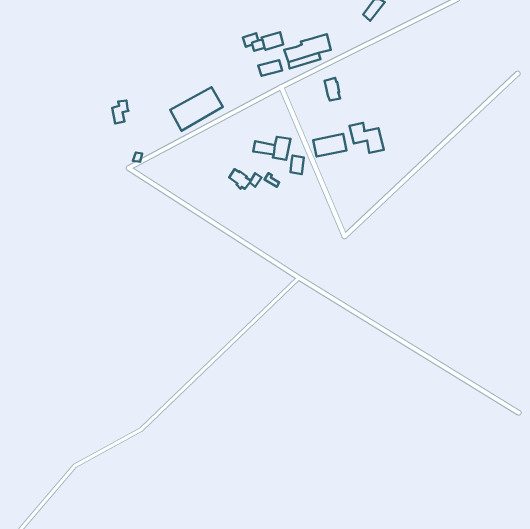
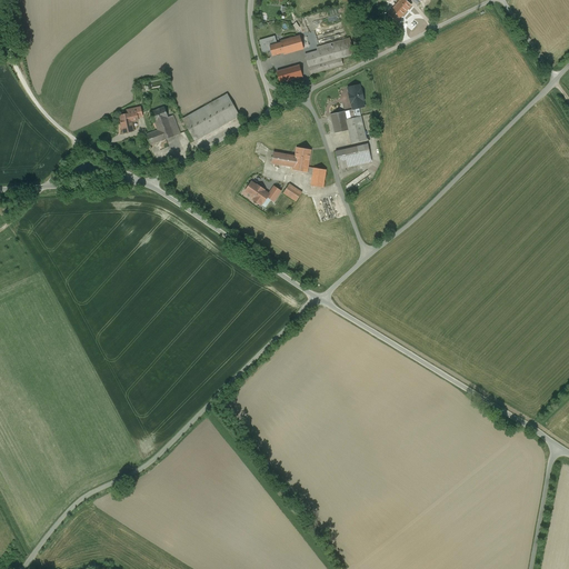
building: none -> [147,106,180,144]
building: [350,123,384,153] -> [330,110,367,142]

